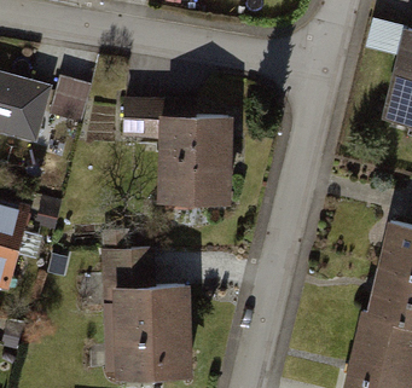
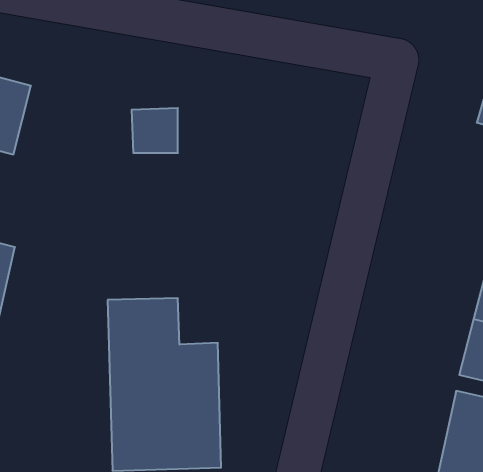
building: [51,73,92,118] -> none
building: [159,117,230,199] -> none

